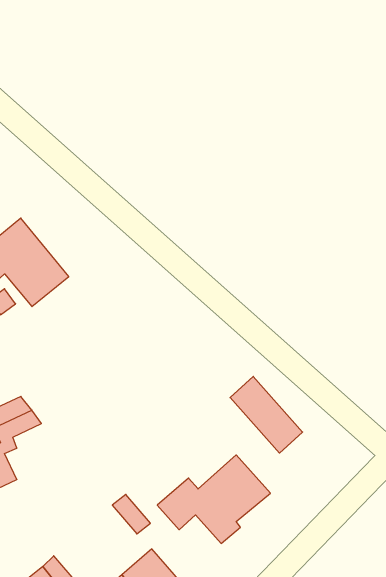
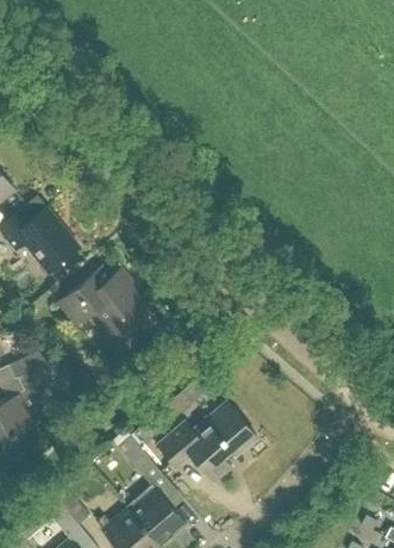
building: none -> [56,266,152,355]
building: [230,376,303,453] -> none

